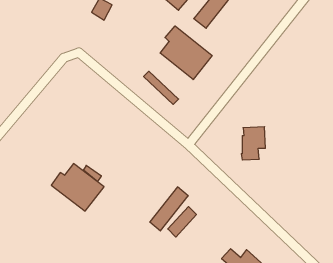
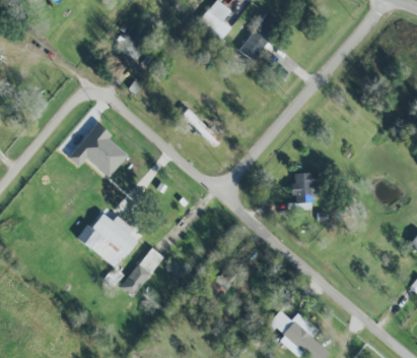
building: [160,26,212,80] -> none
building: none -> [68,123,128,177]
building: [150,187,188,231] -> [120,247,163,297]

